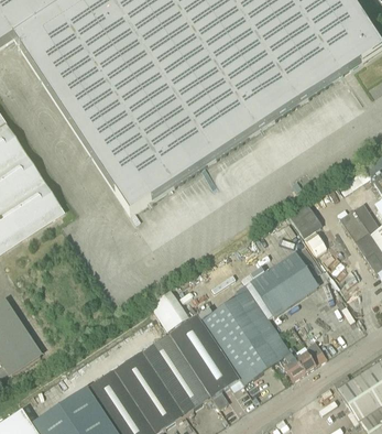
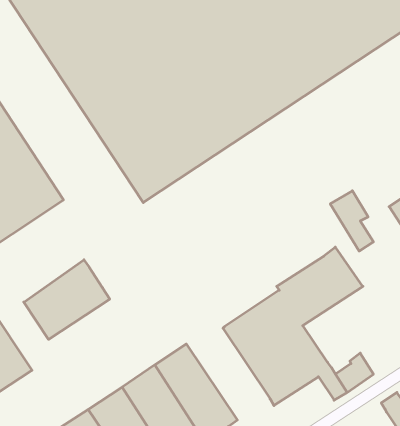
building: none -> [24,260,110,339]
building: [168,314,239,397] -> none

